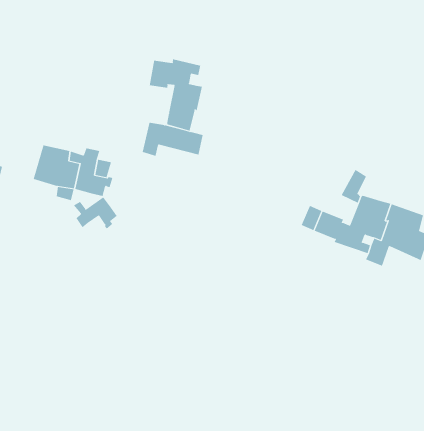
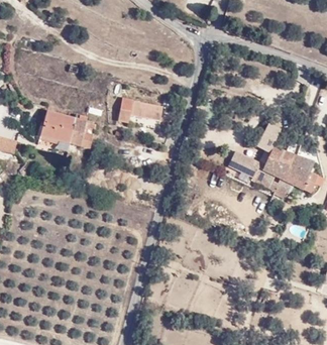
building: [149,59,203,132] -> none
building: [73,196,117,230] -> none

